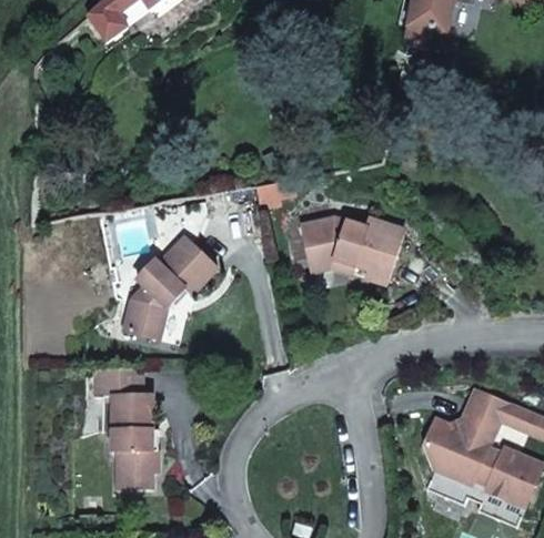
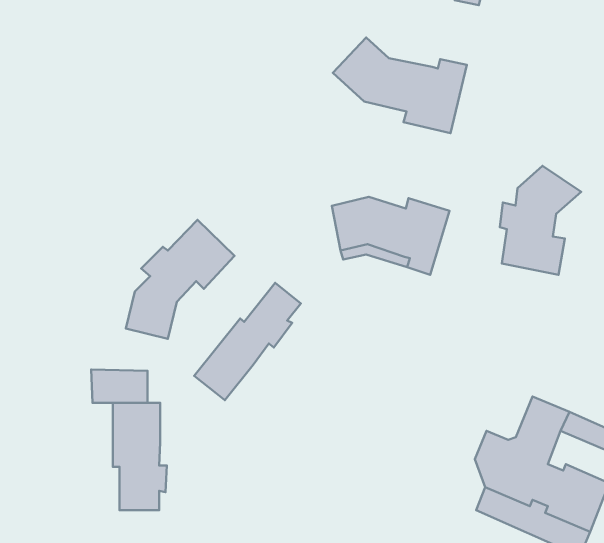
building: none -> [333,38,467,133]
building: none -> [500,166,581,275]
building: none -> [194,283,301,400]

